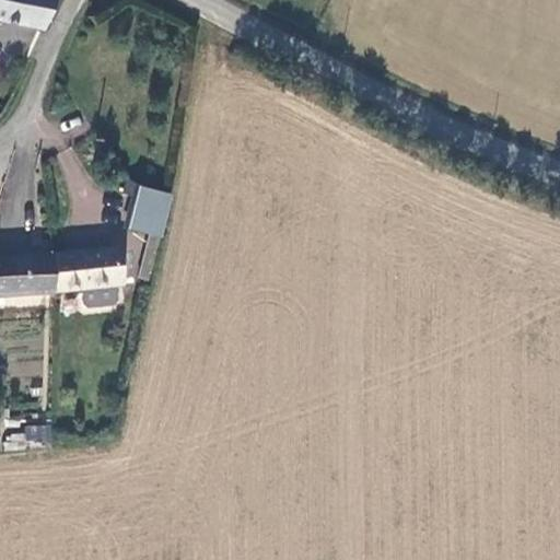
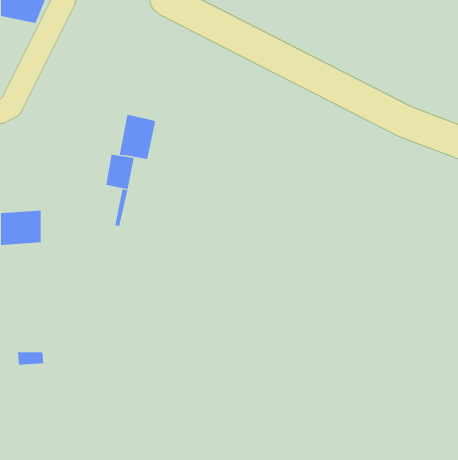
building: none -> [119,114,156,160]
building: [54,250,124,294] -> none

